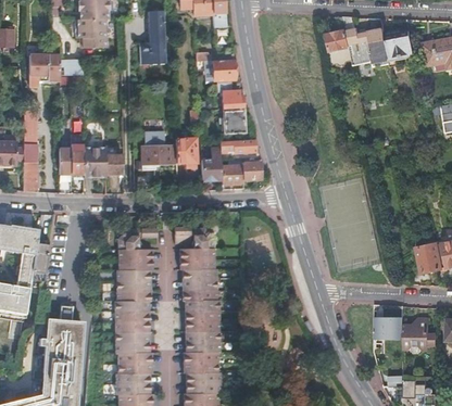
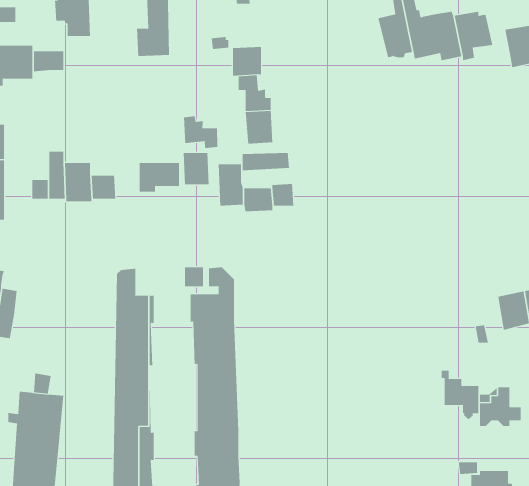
building: none -> [184,116,218,149]

